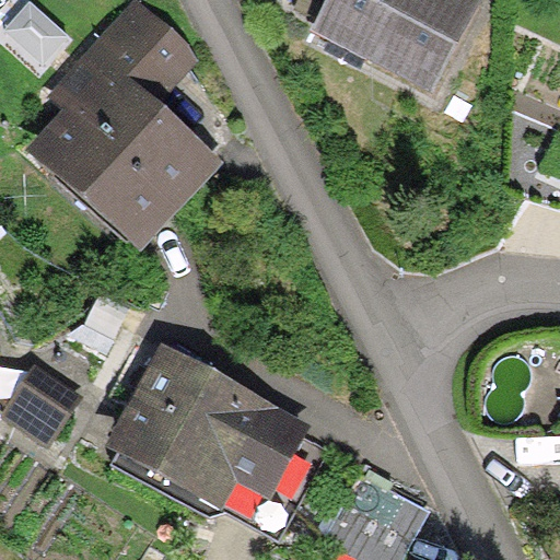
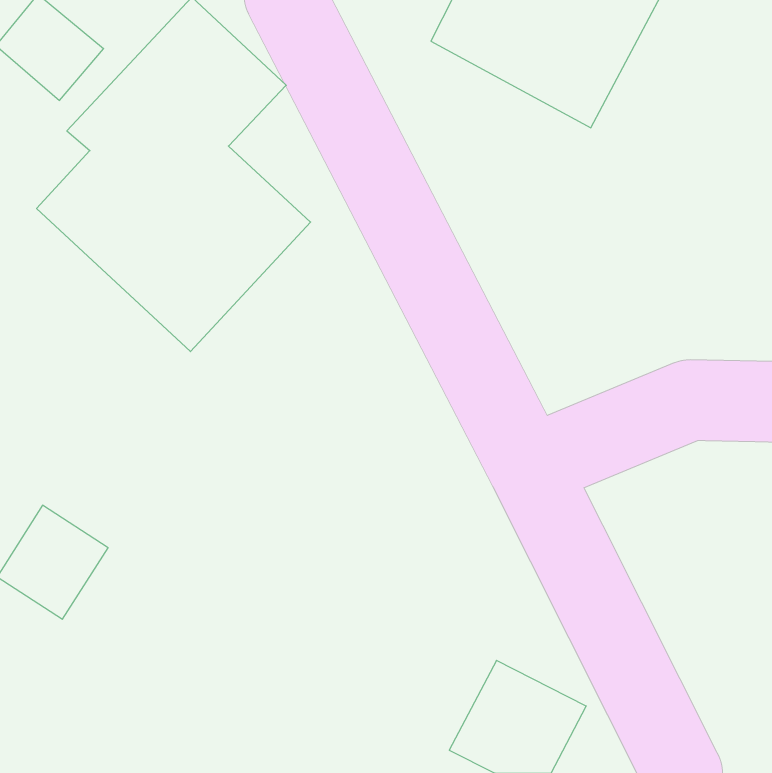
building: [105,345,323,536] -> none

